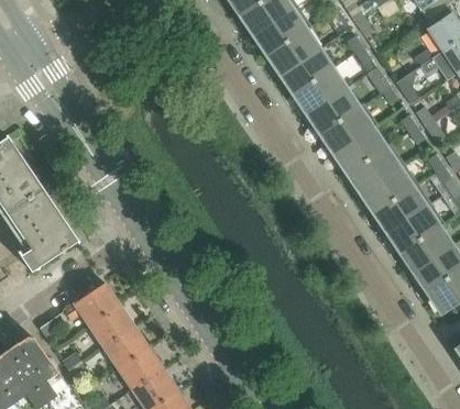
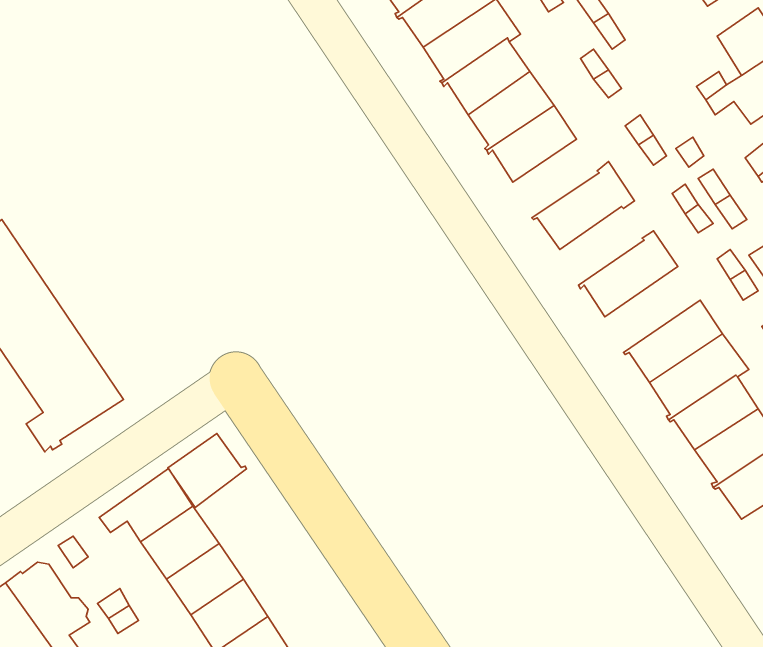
building: [307,89,358,135] -> none
building: [335,129,384,175] -> none
building: [361,164,417,214] -> none
building: none -> [168,433,247,507]

